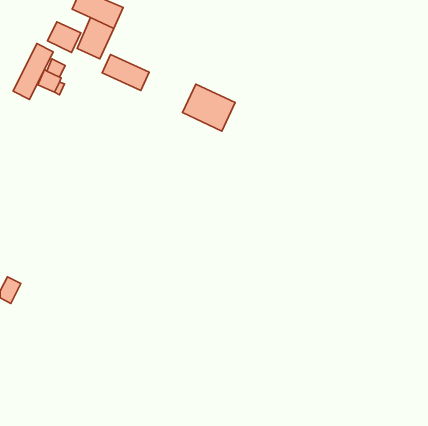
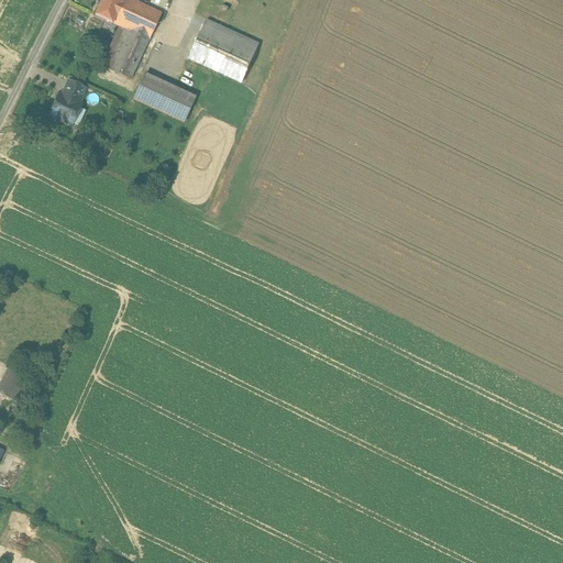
building: [48,22,81,53] -> none
building: [13,44,53,99] -> none
building: [182,84,235,131] -> [189,18,258,79]

